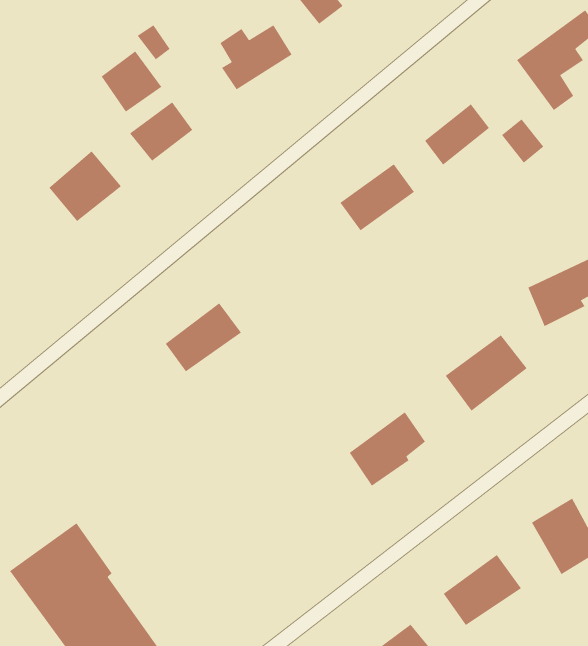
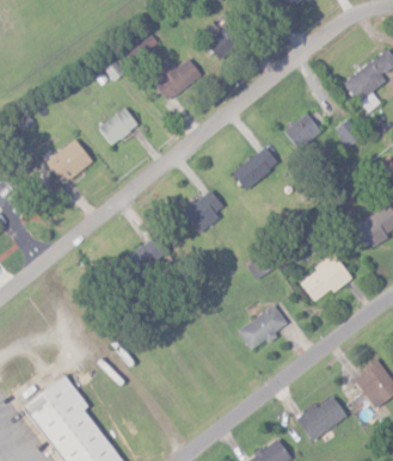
building: [101,50,162,112] -> none
building: none -> [183,189,227,230]

